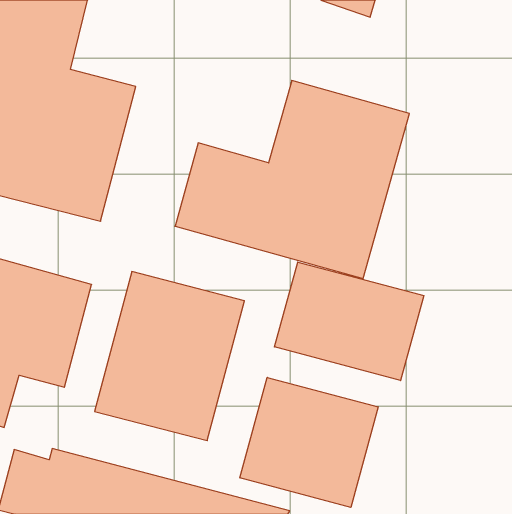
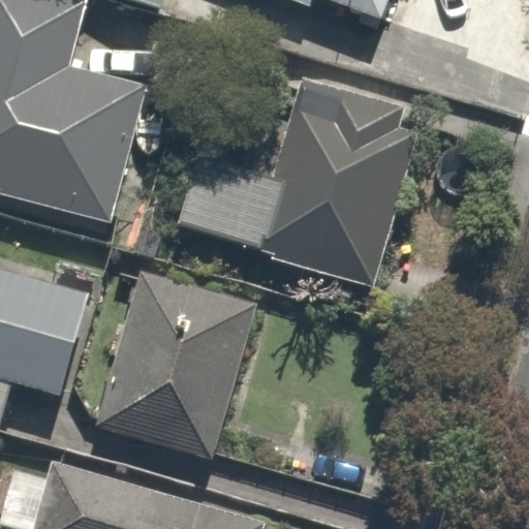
building: [274,262,424,381] -> none
building: [240,377,378,507] -> none

